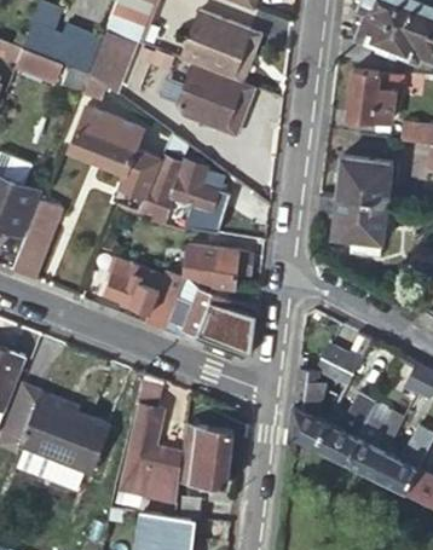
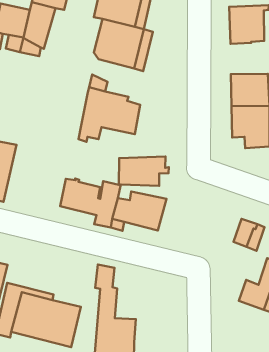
building: [69,100,160,196] -> none
building: [291,372,328,447] -> none
building: [174,424,225,486] -> none

